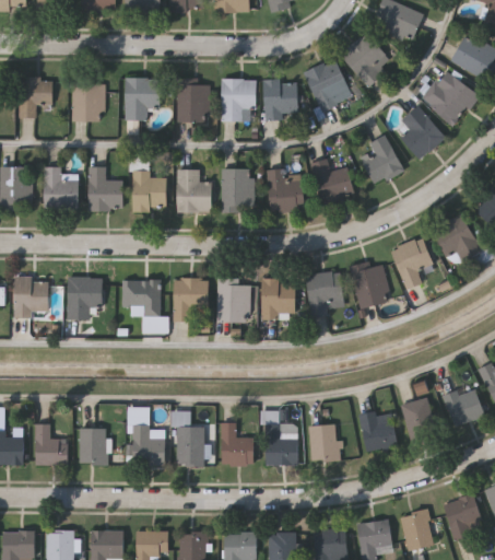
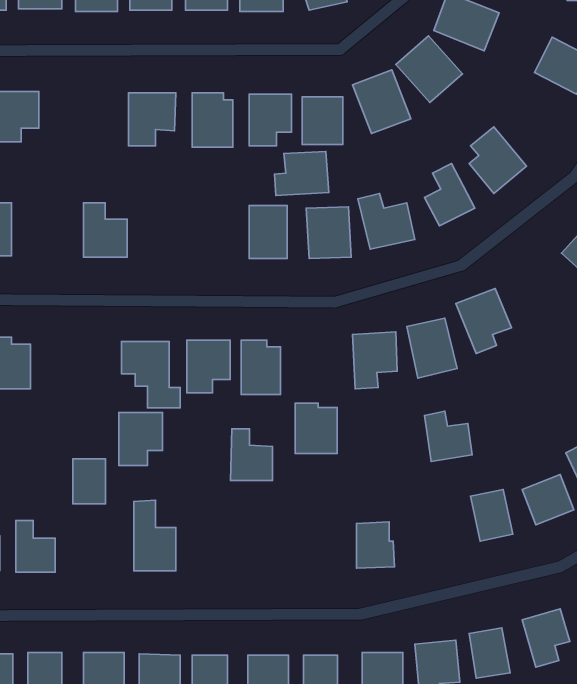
building: [423,71,480,126] -> none
building: [73,82,105,121] -> none
building: none -> [274,152,329,195]
building: [45,167,80,209] -> none
building: [178,171,212,212] -> none
building: [133,172,168,211] -> none
building: [429,211,482,268] -> none
building: [67,276,102,318] -> [119,412,162,465]
building: [260,278,294,318] -> [295,403,337,454]
building: [358,411,397,452] -> [425,411,472,462]
building: [220,423,254,465] -> [230,429,272,480]
building: [263,423,296,465] -> none
building: [176,427,203,465] -> none
building: [79,428,105,464] -> [73,459,106,504]

